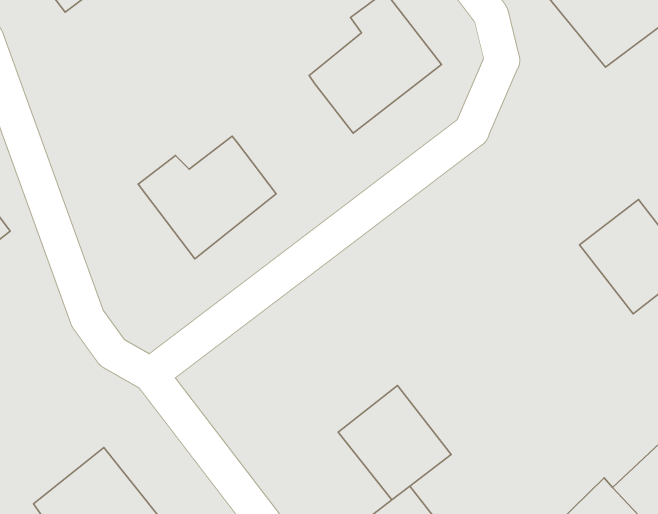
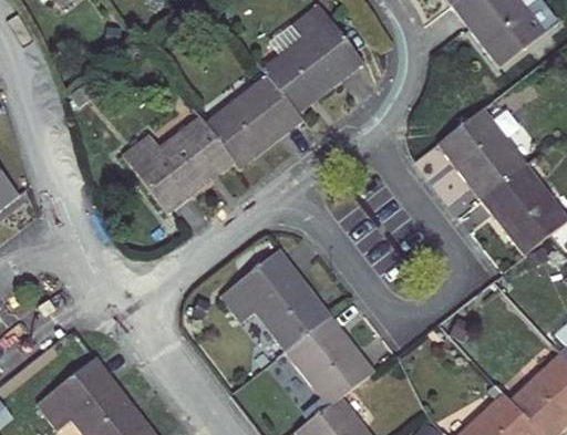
building: none -> [205,73,302,168]
building: none -> [433,106,527,203]
building: none -> [221,247,333,353]

